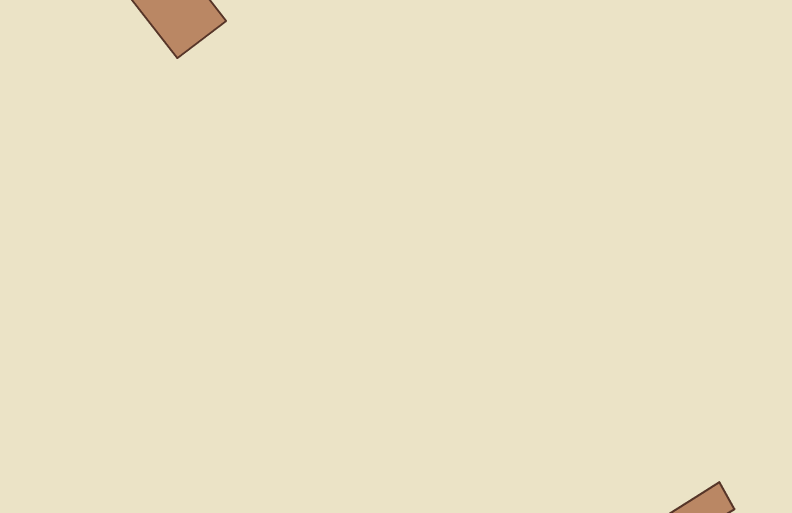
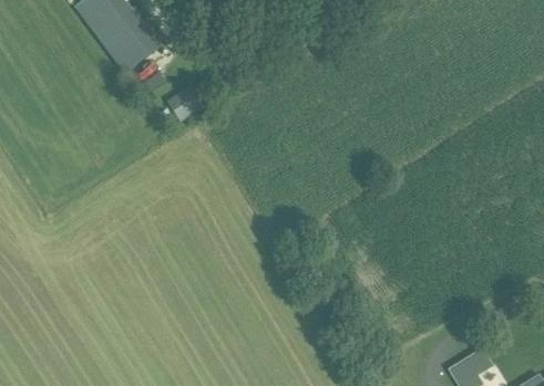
building: none -> [167,85,203,118]

